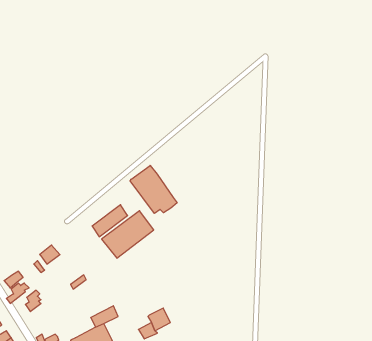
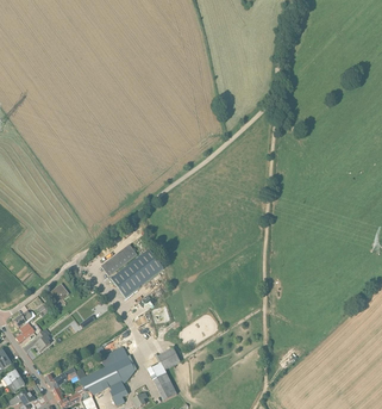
building: [130,165,177,213] -> none

